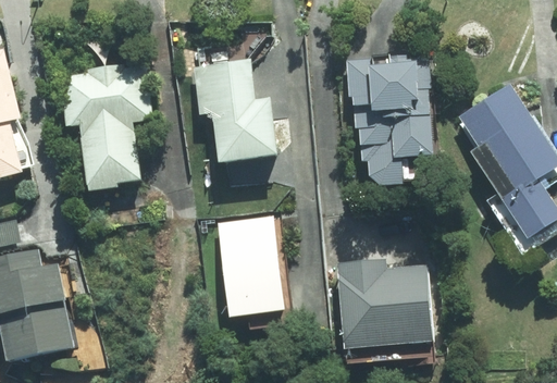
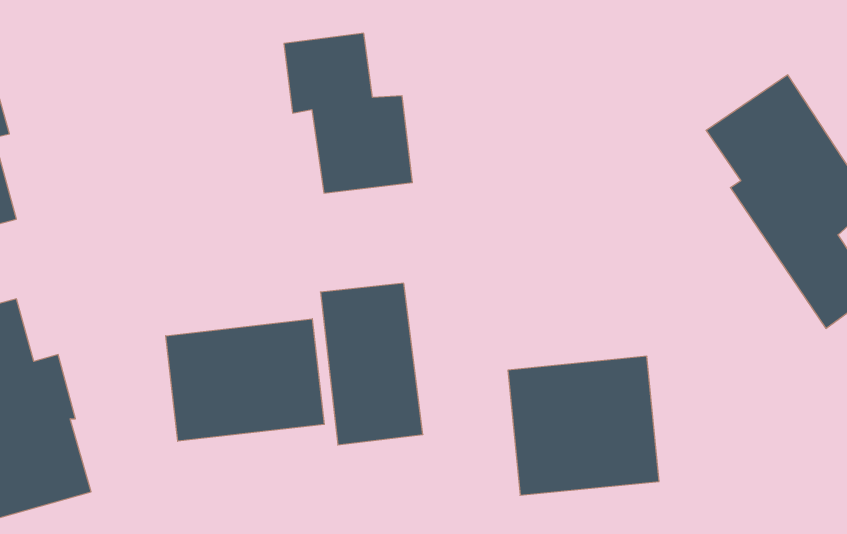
building: [344,54,437,184] -> none
building: [60,62,149,185] -> none
building: none -> [166,319,324,441]

